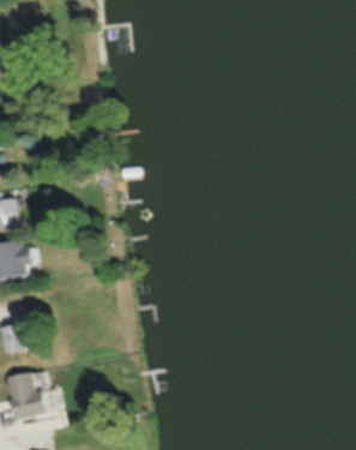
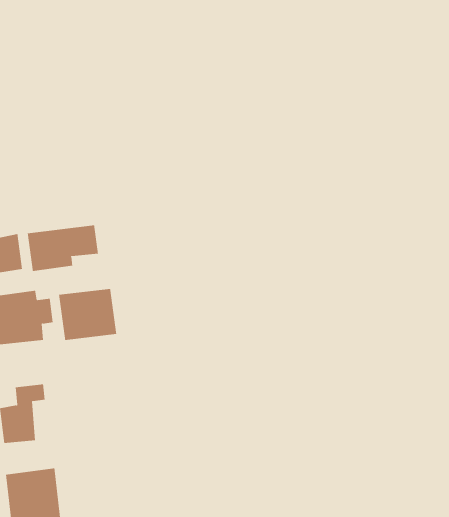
building: none -> [27,225,99,272]
building: none -> [59,288,117,341]

